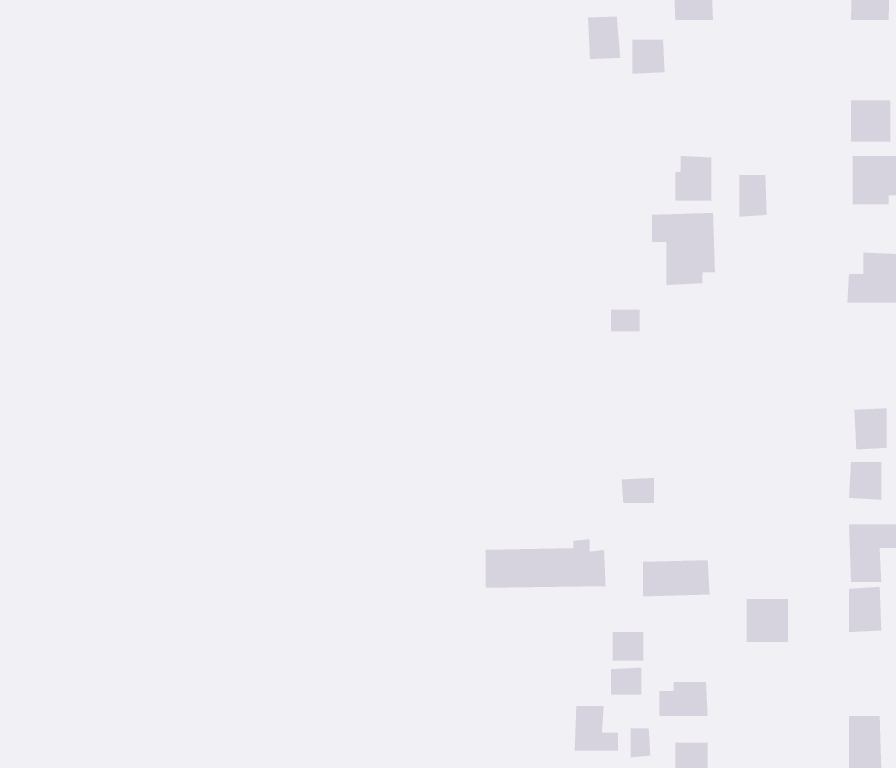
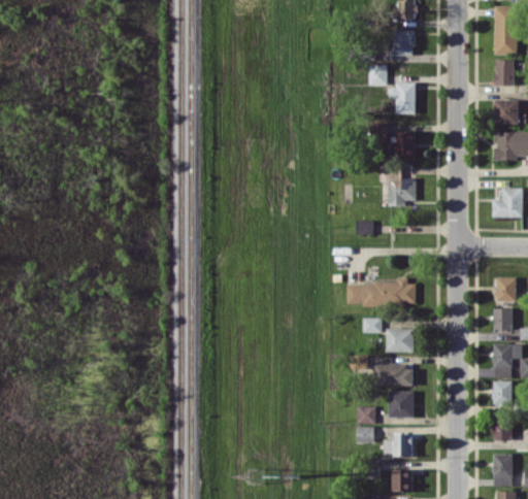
building: [587,16,621,60] -> none
building: none -> [495,60,515,86]
building: none -> [394,84,416,113]
building: [738,174,768,217] -> none
building: none -> [387,329,414,353]
building: [485,538,607,589] -> [346,277,417,306]
building: [746,598,789,643] -> [389,392,414,418]
building: none -> [492,419,513,441]
building: [574,705,619,751] -> none

